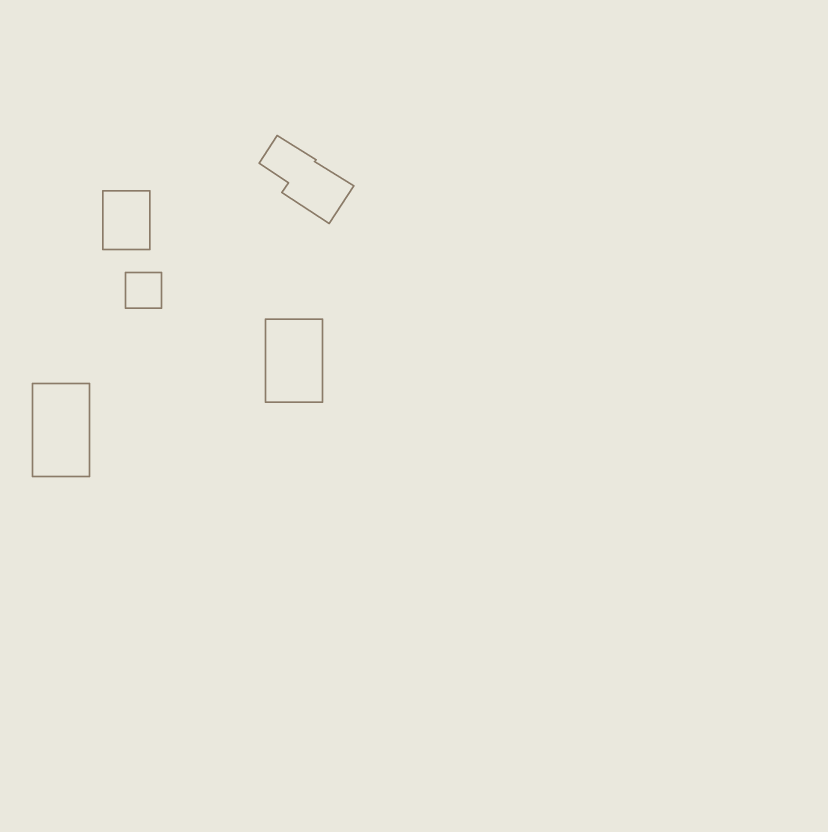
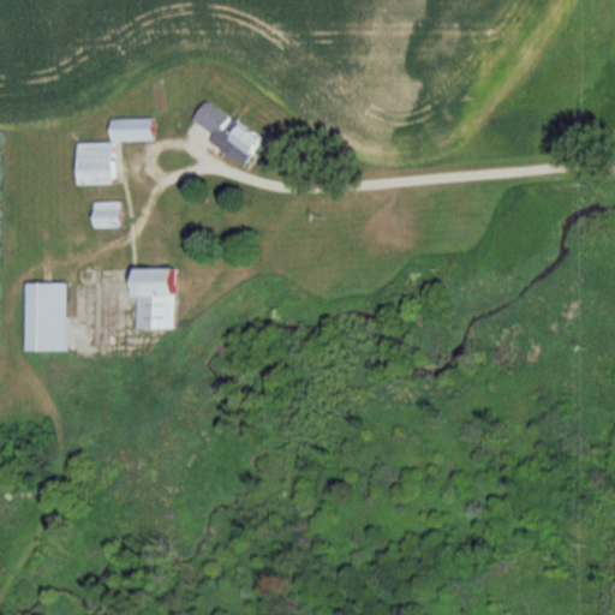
building: none -> [109,119,151,141]
building: [265,319,323,402] -> [132,268,174,329]

